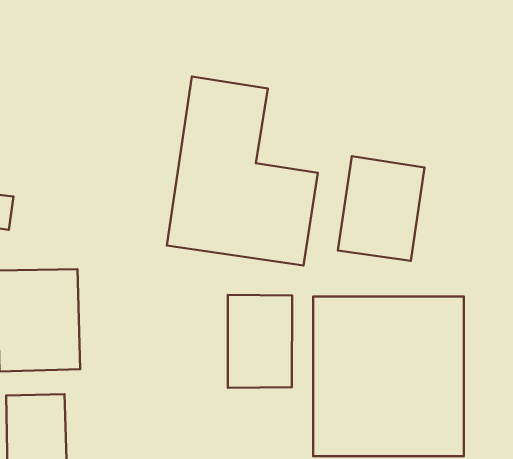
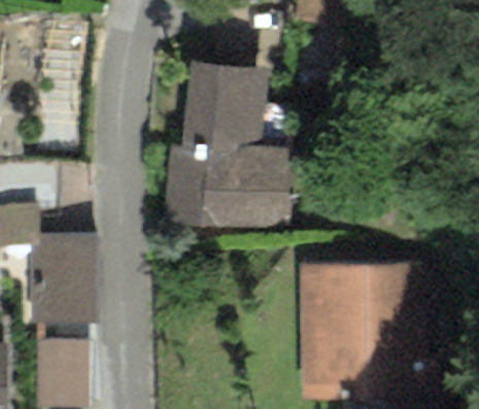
building: [338,156,425,261] -> none
building: [228,295,292,388] -> none

